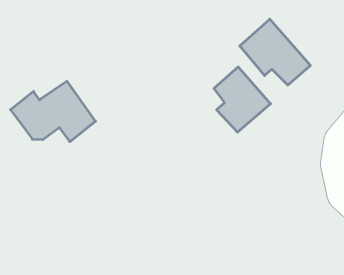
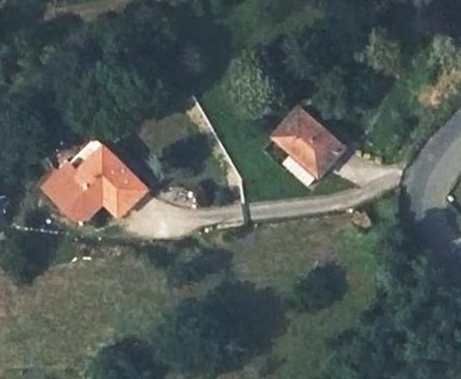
building: [240,19,310,85] -> none

